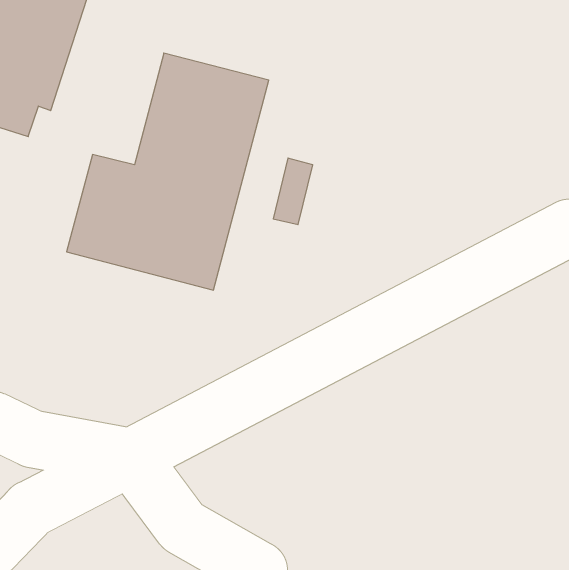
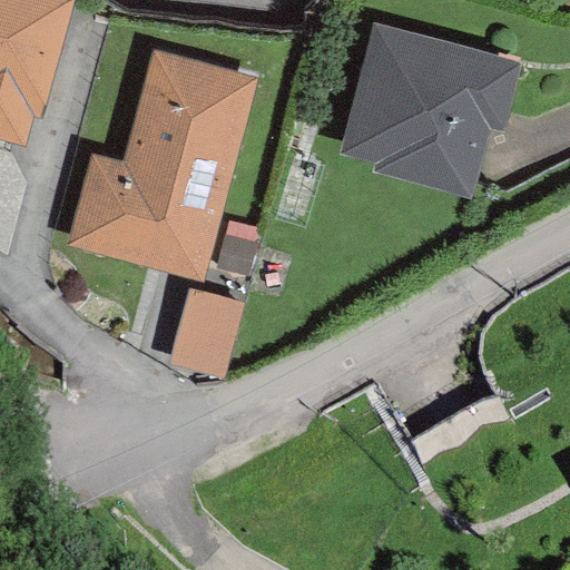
building: none -> [341,22,498,173]
building: none -> [160,286,230,373]

